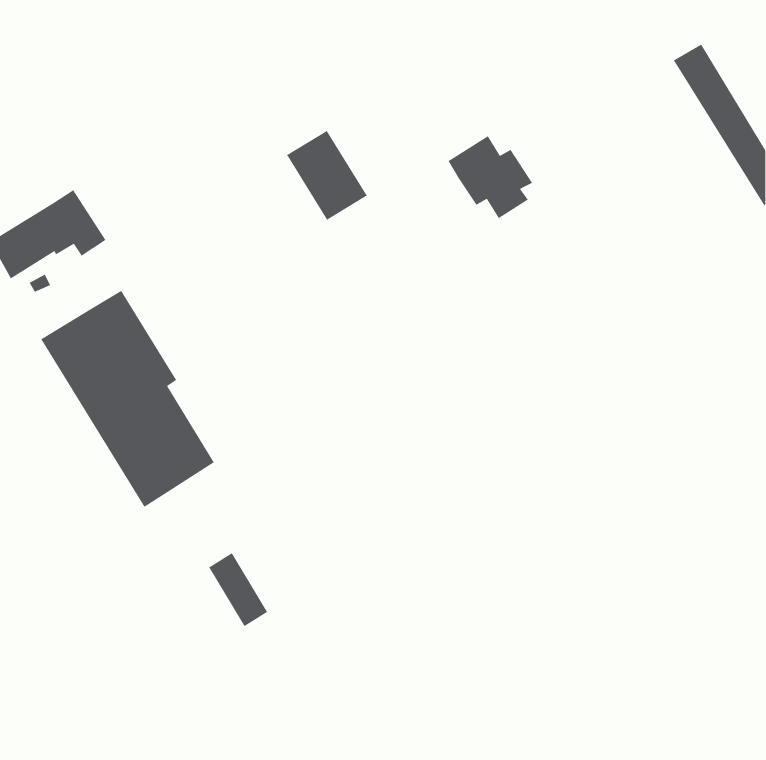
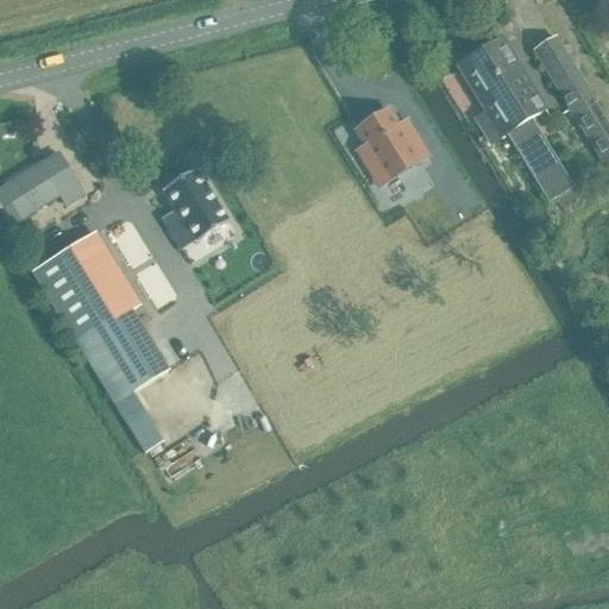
building: none -> [459,37,572,197]
building: [286,130,368,221] -> [162,168,227,240]
building: [208,552,268,627] -> [114,390,162,450]

